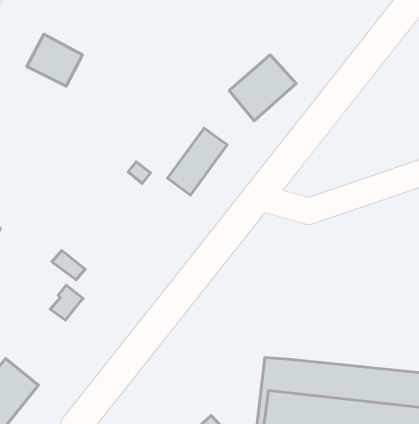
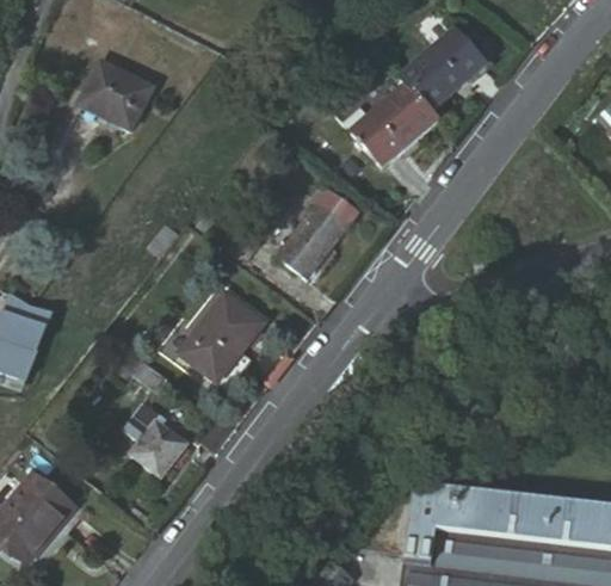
building: none -> [399,25,485,109]
building: none -> [185,298,260,377]
building: none -> [129,413,186,471]

